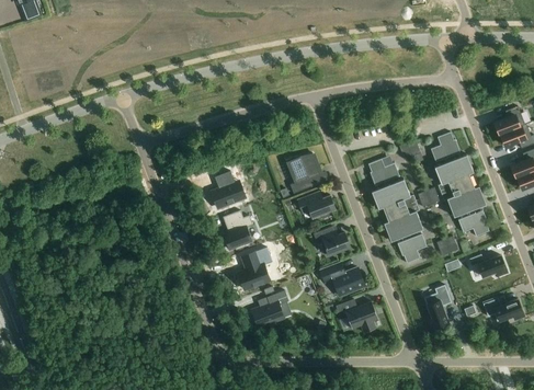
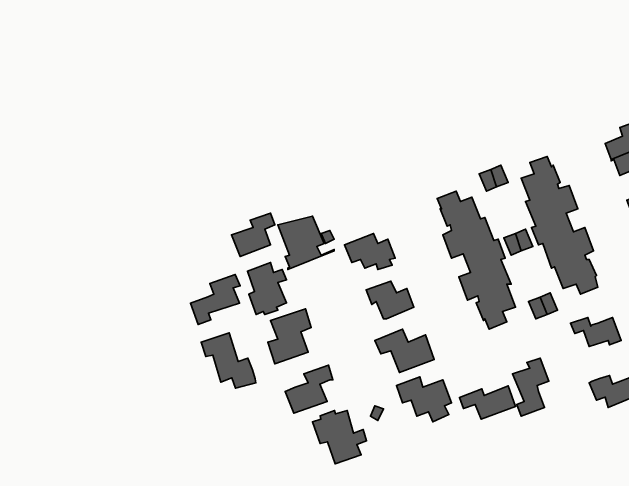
building: [286,153,329,194] -> [278,216,334,270]
building: none -> [191,274,240,324]
building: none -> [201,333,256,388]
building: none -> [459,386,515,419]
building: none -> [313,410,366,464]

